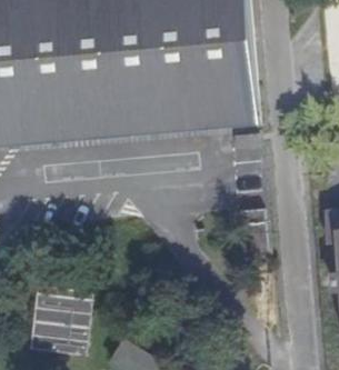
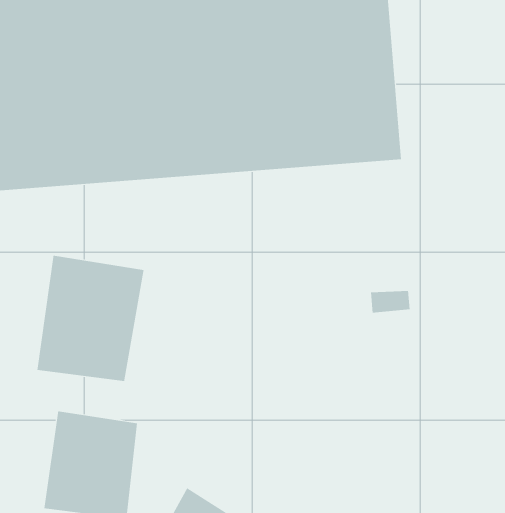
building: none -> [37,255,144,382]

